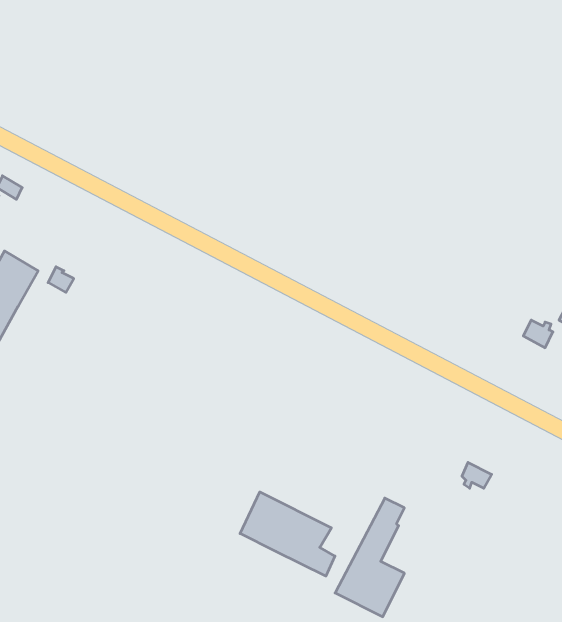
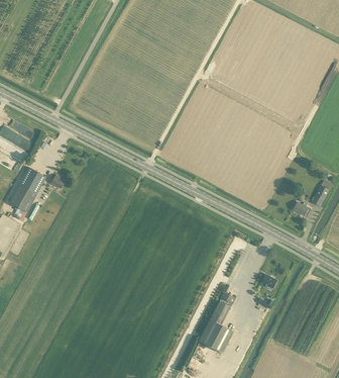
building: [240,492,335,576] -> none

